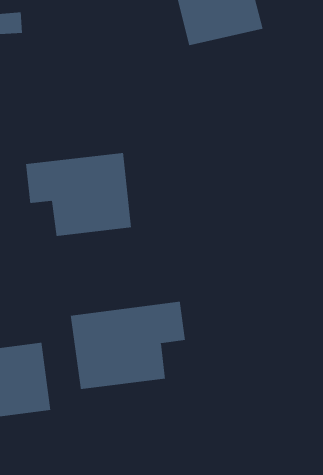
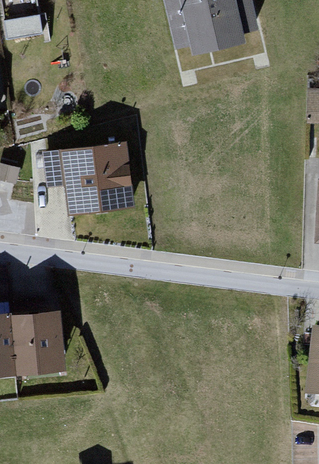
building: [70,301,185,390] -> none

